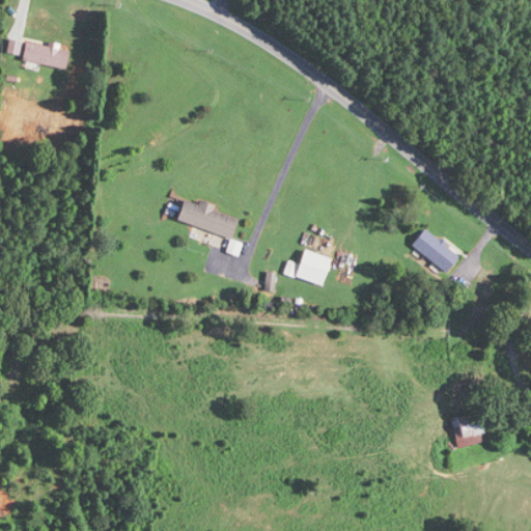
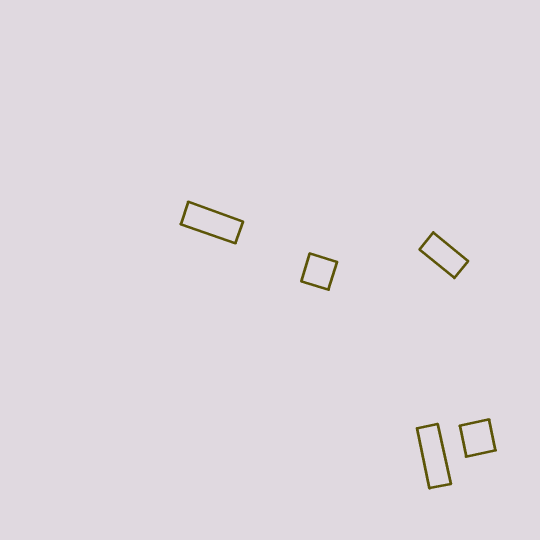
building: [22,43,69,72] -> none
building: none -> [417,424,451,488]

